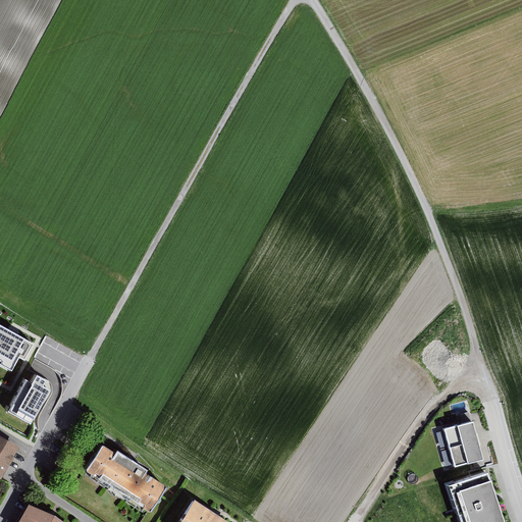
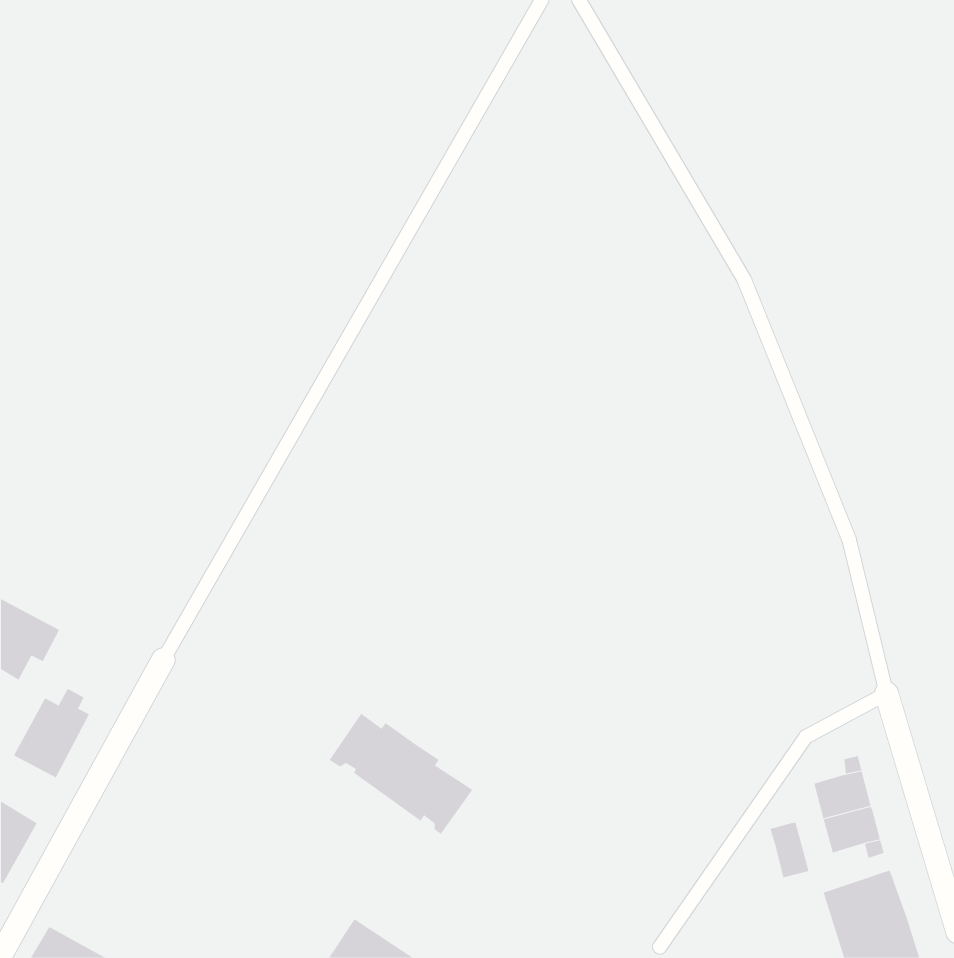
building: [85,445,163,511] -> [329,713,473,835]
building: none -> [770,822,809,878]

